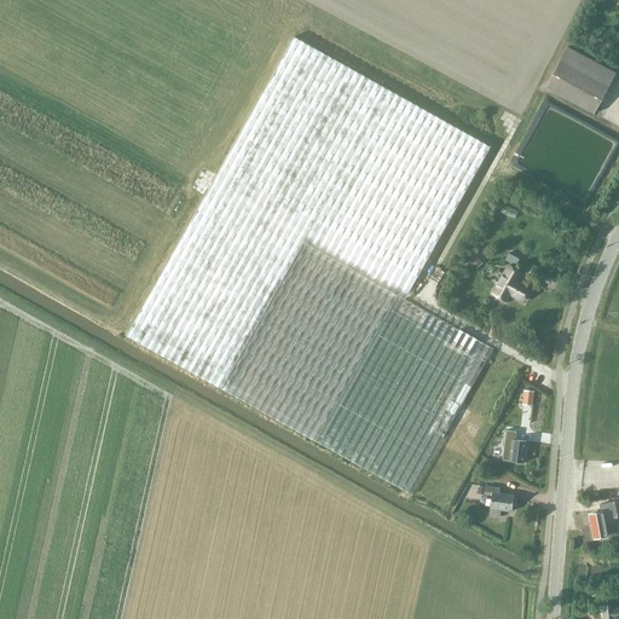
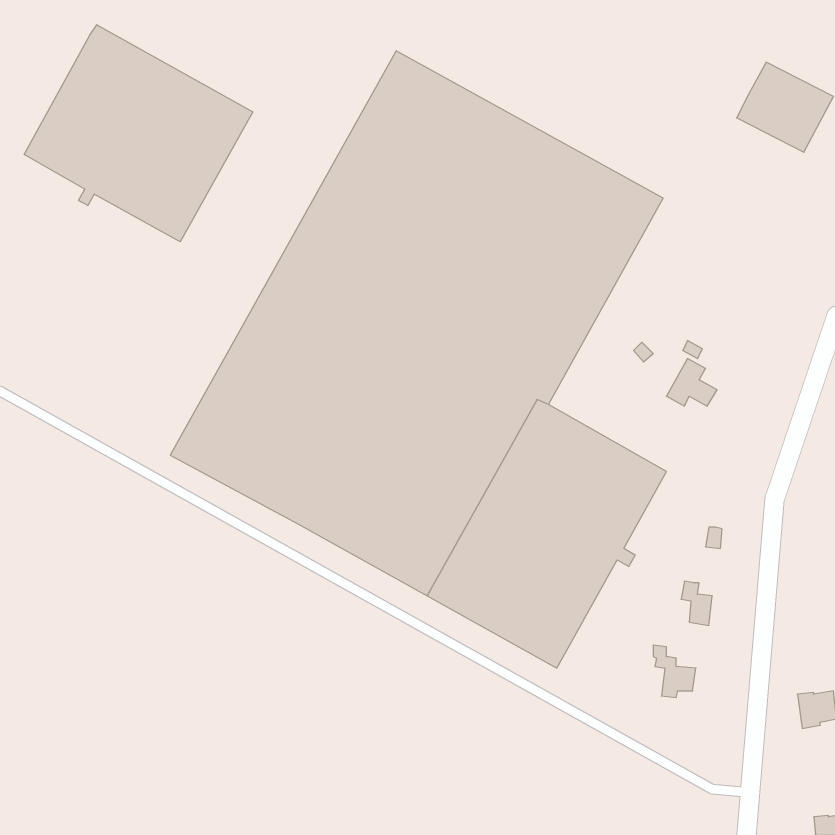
building: none -> [24,25,253,242]

